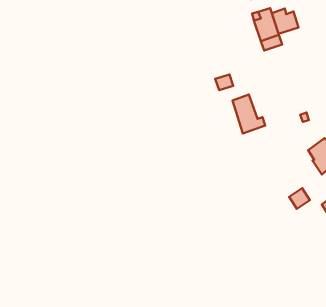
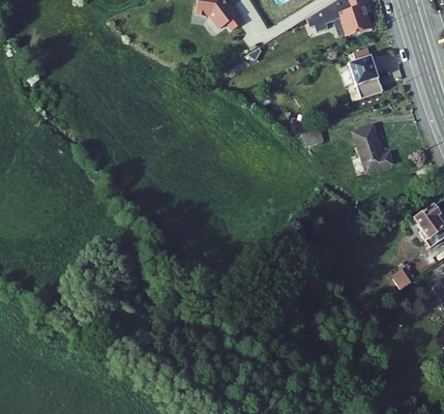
building: [272,9,298,34] -> none
building: [232,95,265,133] -> [354,125,393,172]

